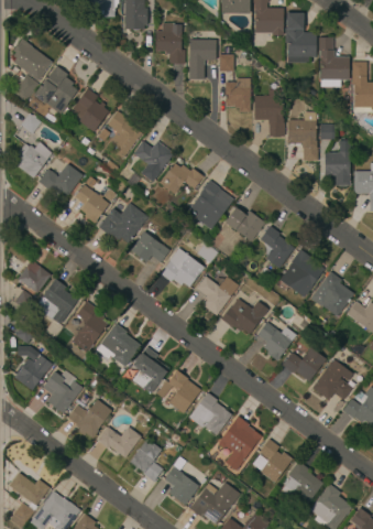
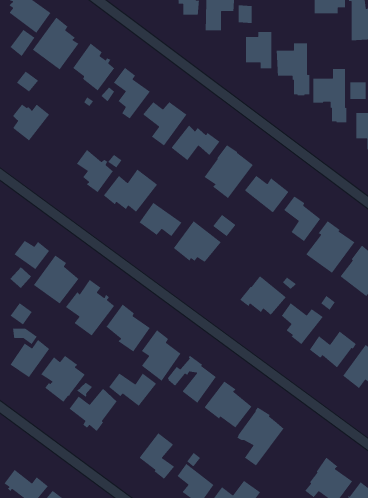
building: [39,163,83,195] -> none
building: [196,277,238,315] -> none
building: [97,427,141,457] -> [108,373,157,407]
building: [253,439,293,483] -> none

